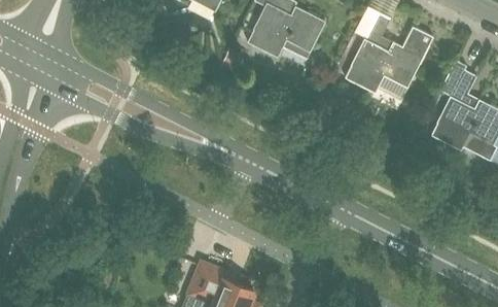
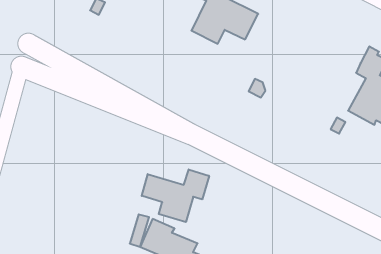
building: [344,11,432,94] -> none
building: none -> [142,169,209,222]

